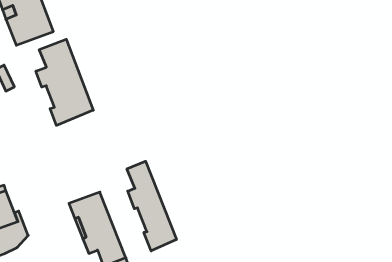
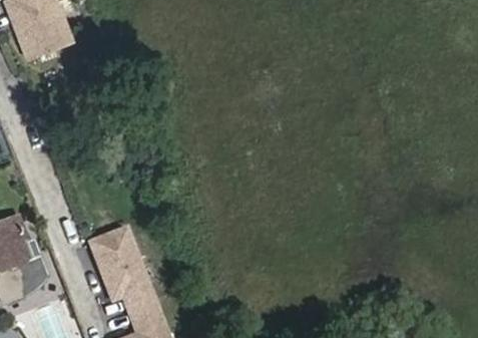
building: [36,39,93,125] -> none
building: [127,161,176,251] -> none

